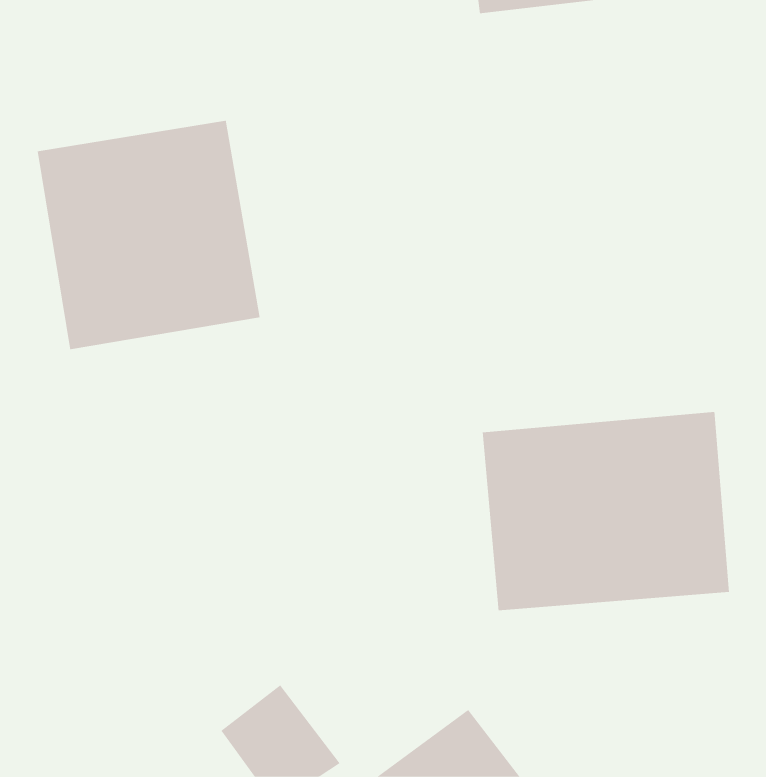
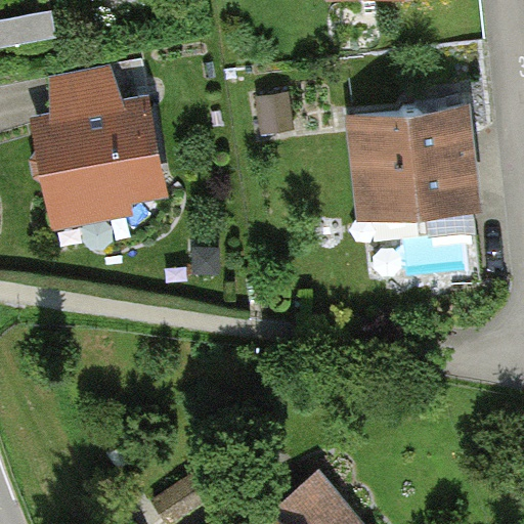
building: none -> [345,107,480,215]
building: [482,411,730,611] -> none

